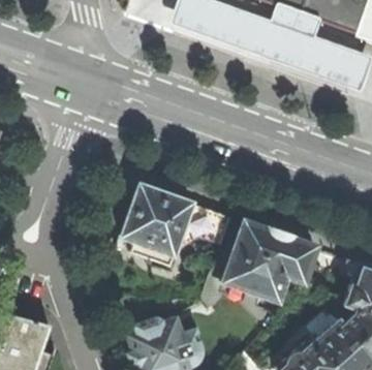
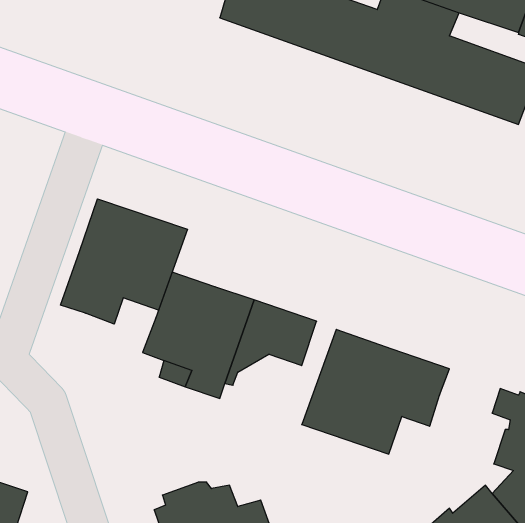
building: none -> [60,199,188,324]

